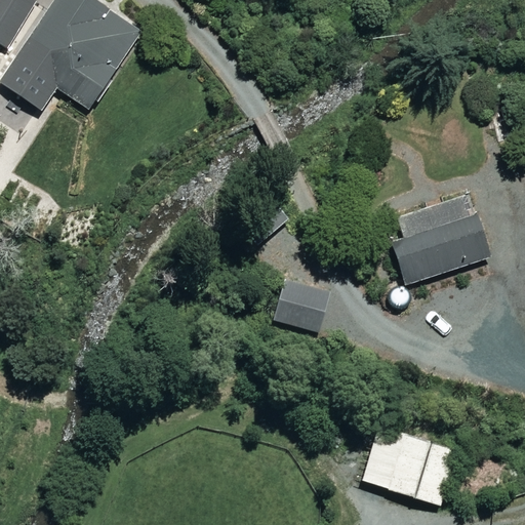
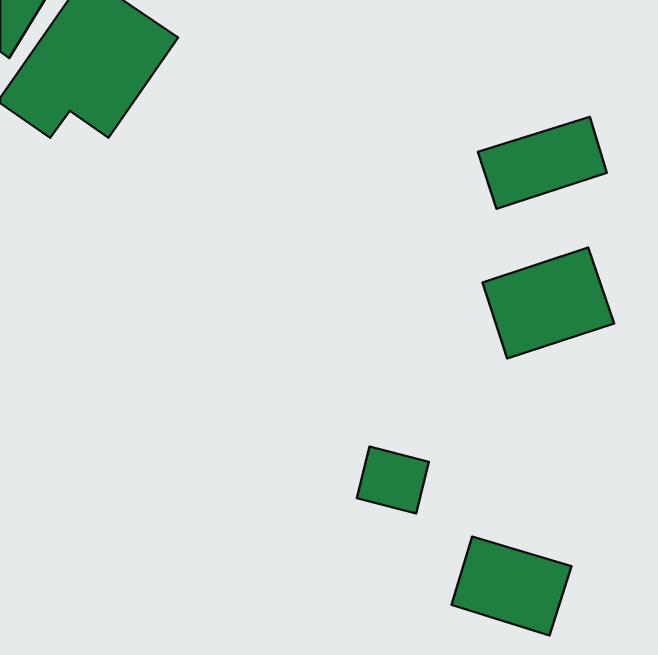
building: none -> [478,117,607,209]
building: [272,278,329,331] -> [357,447,429,514]

